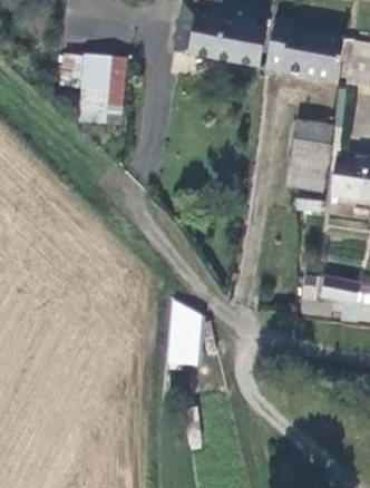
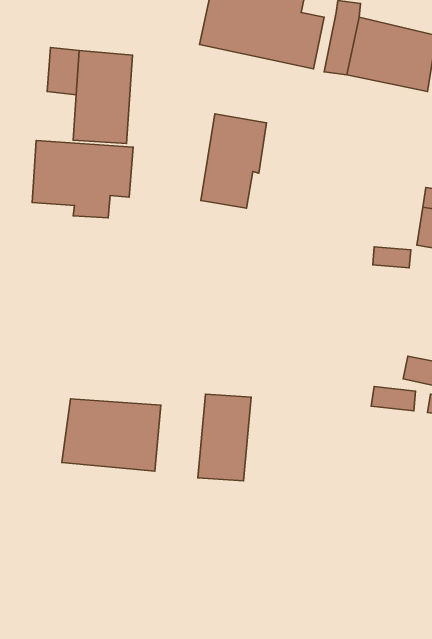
building: none -> [32,140,133,218]
building: [284,120,332,189] -> [201,114,266,208]
building: none -> [62,399,161,471]

